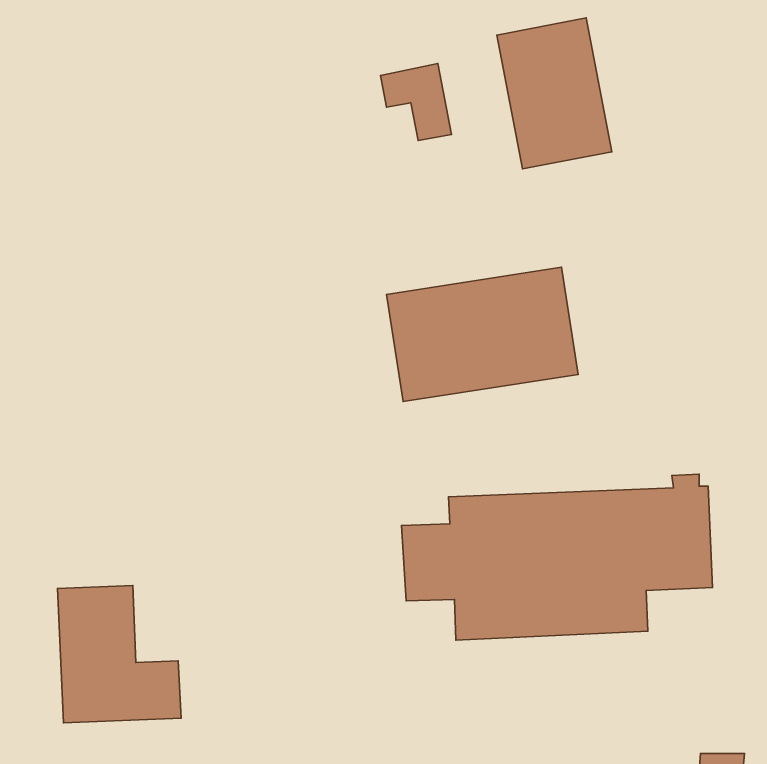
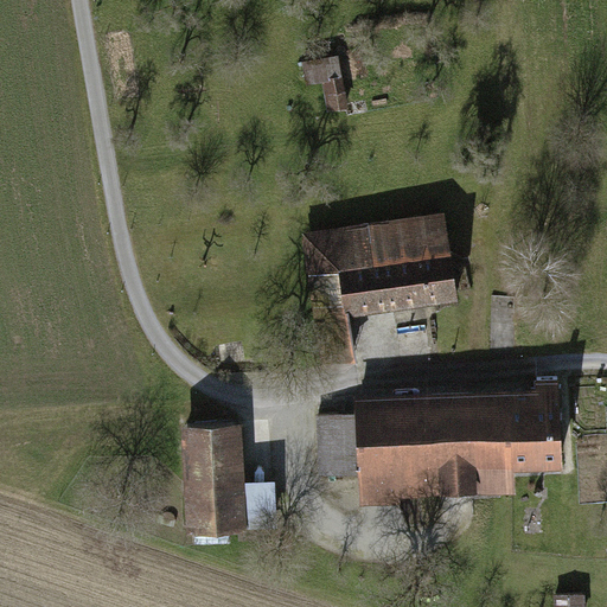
building: [497,18,612,169] -> none
building: [57,585,181,723] -> [178,423,275,531]

